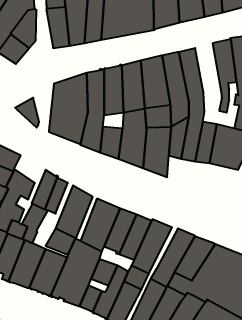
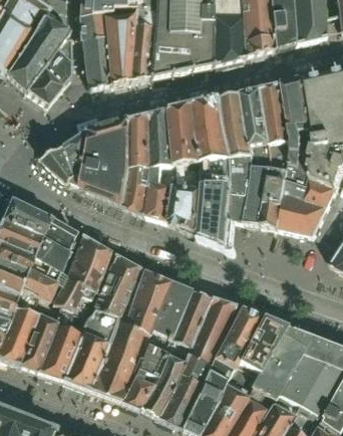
building: none -> [263,80,294,141]
building: none -> [65,128,91,187]
building: none -> [43,217,75,250]

